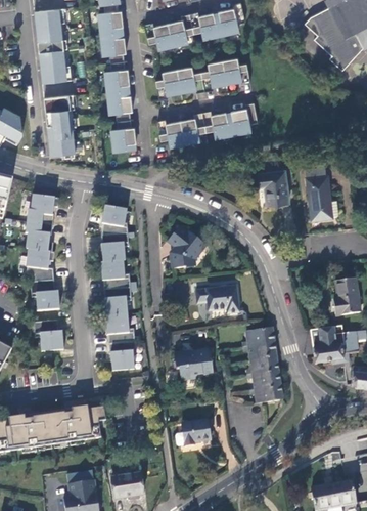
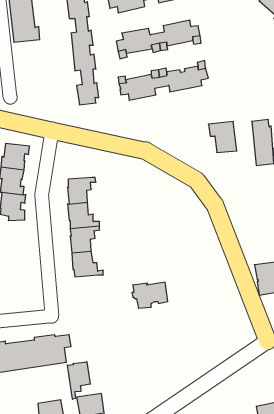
building: [43,95,75,156] -> none
building: [102,206,129,236] -> none
building: [168,227,204,268] -> none
building: [31,281,60,311] -> none
building: [195,288,237,313] -> none
building: [34,321,64,352] -> none
building: [246,328,282,403] -> none
building: [109,342,136,370] -> none
building: [181,420,210,448] -> none
building: none -> [67,362,90,399]

